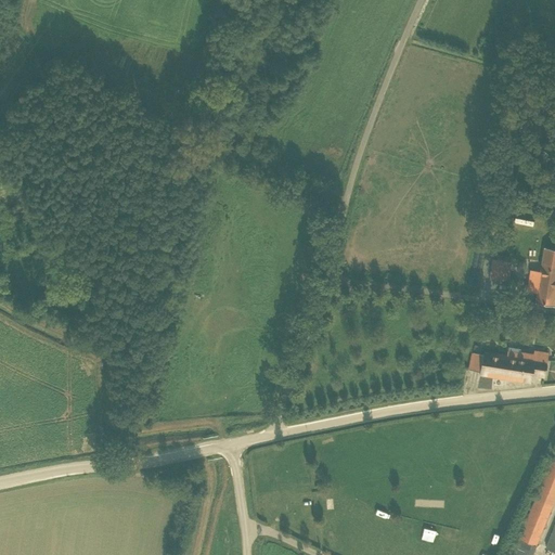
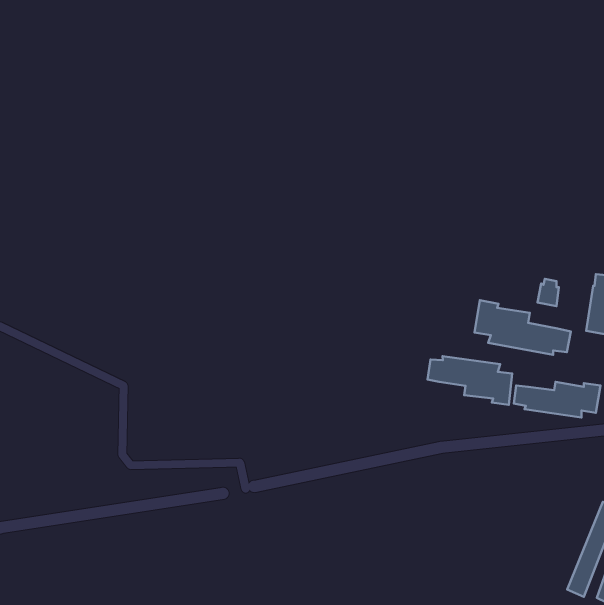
building: none -> [475,300,571,355]
building: none -> [428,356,512,405]

